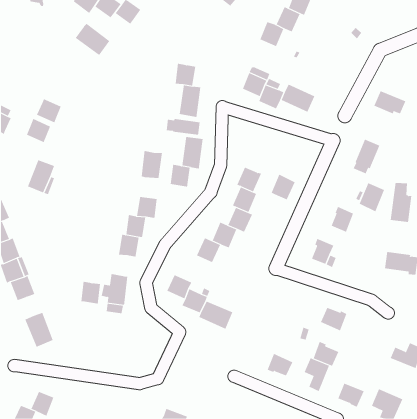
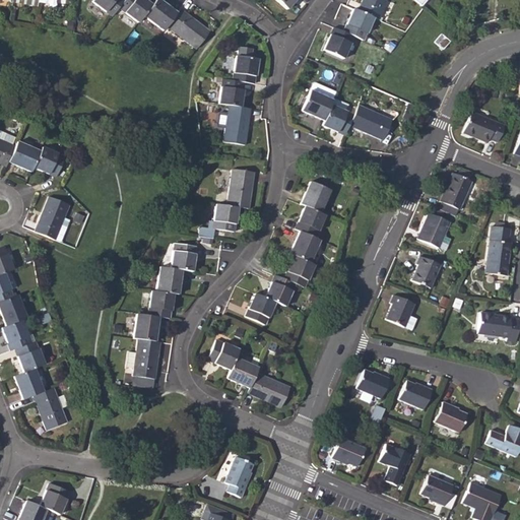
building: [75,23,110,56] -> [168,8,211,49]
building: none -> [234,56,259,83]
building: [36,98,61,123] -> [10,141,42,172]
building: [166,118,200,136] -> none
building: [141,150,163,179] -> none
building: [271,174,295,200] -> [302,181,332,213]
building: [359,183,385,212] -> [418,211,451,248]
building: [80,281,101,304] -> [135,313,160,341]
building: none -> [15,368,45,399]
building: none -> [358,369,390,397]
building: [313,341,339,367] -> [436,400,468,432]
building: none -> [224,459,253,500]

